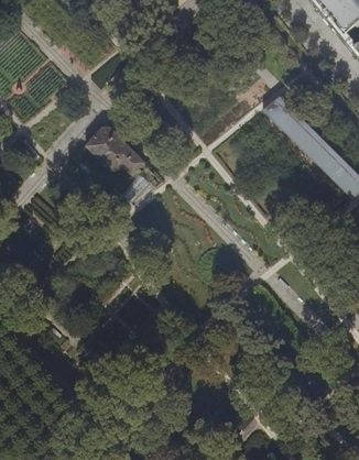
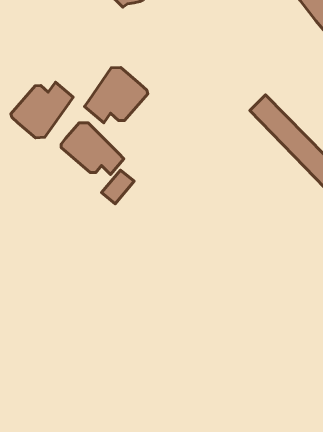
building: none -> [84,68,148,123]
building: none -> [11,82,73,138]

